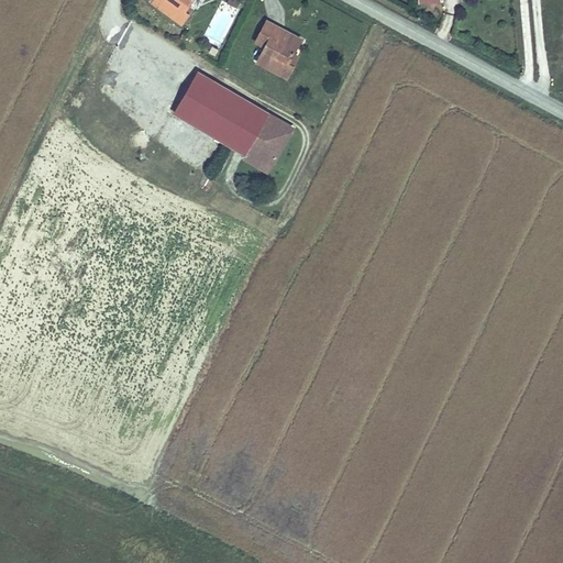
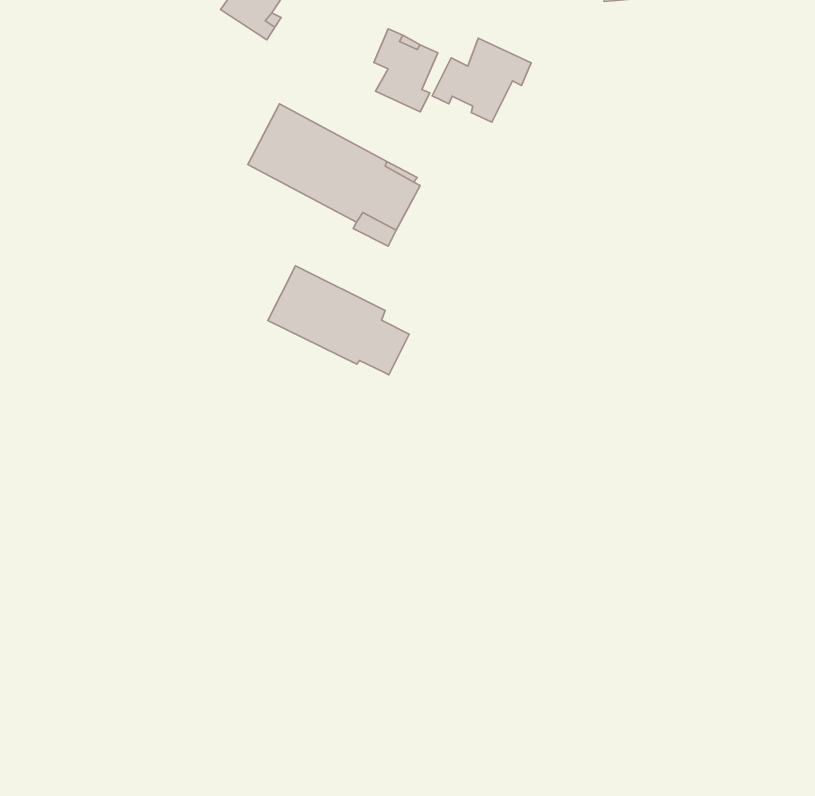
building: none -> [432,38,531,122]
building: none -> [268,266,409,375]

